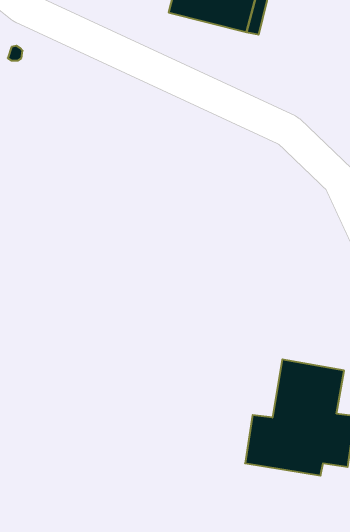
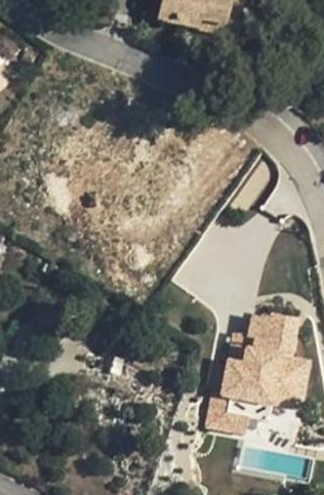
building: none -> [205,394,252,430]

